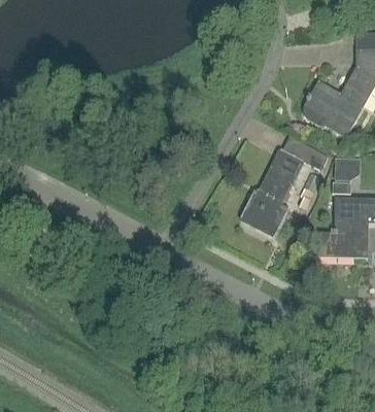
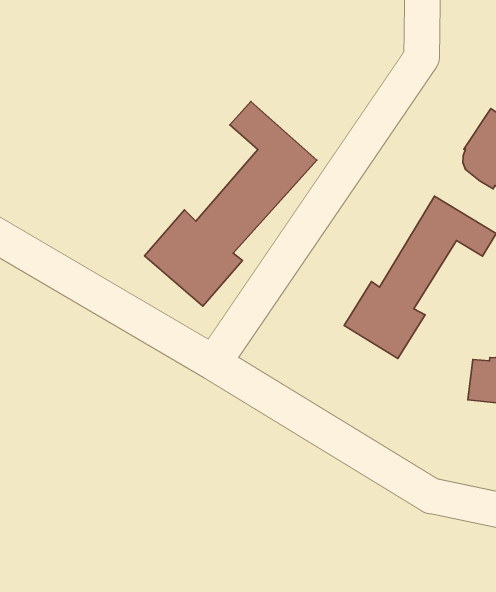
building: none -> [145,102,317,306]

